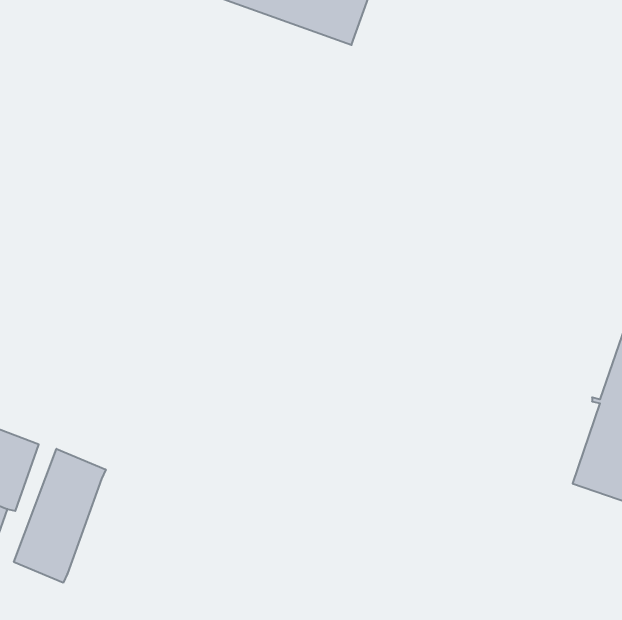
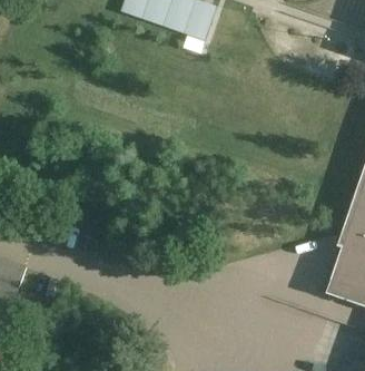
building: [14,449,106,583] -> none

